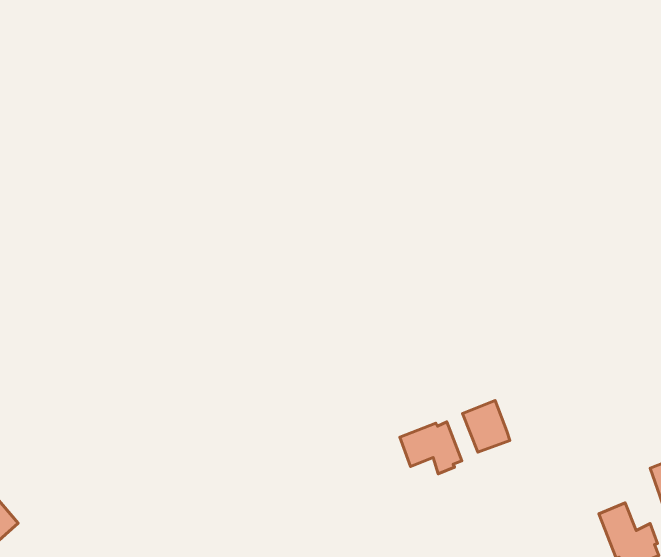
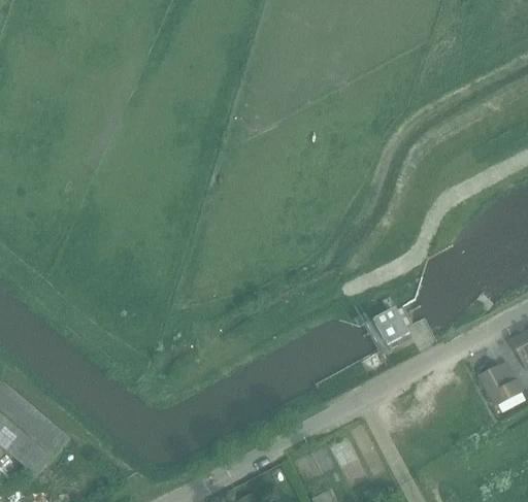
building: [400,422,462,474] -> none

